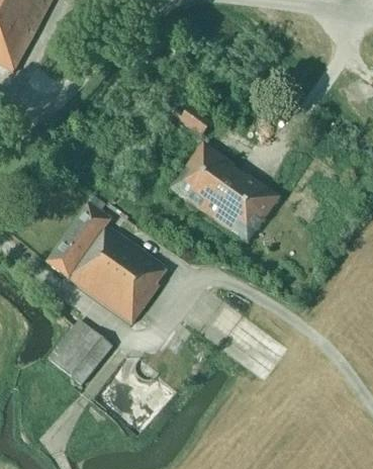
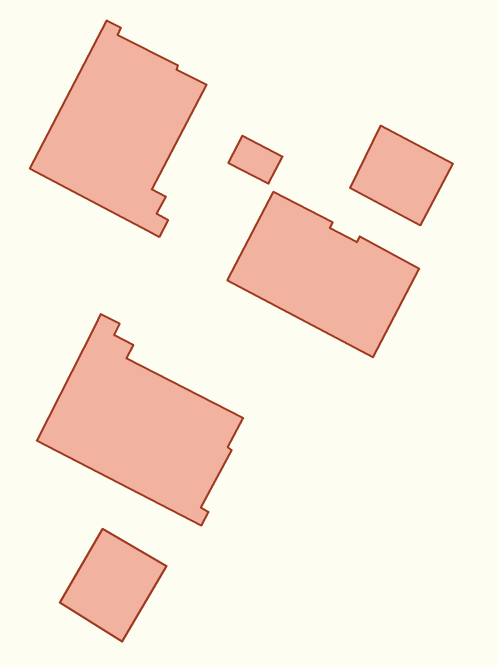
building: none -> [30,20,207,237]
building: none -> [350,126,453,225]

